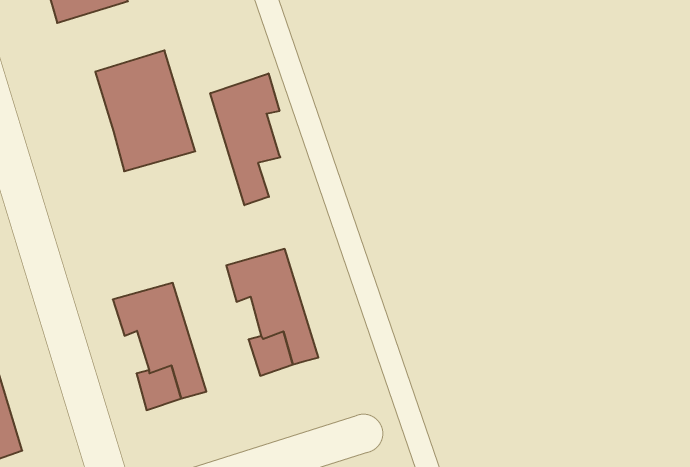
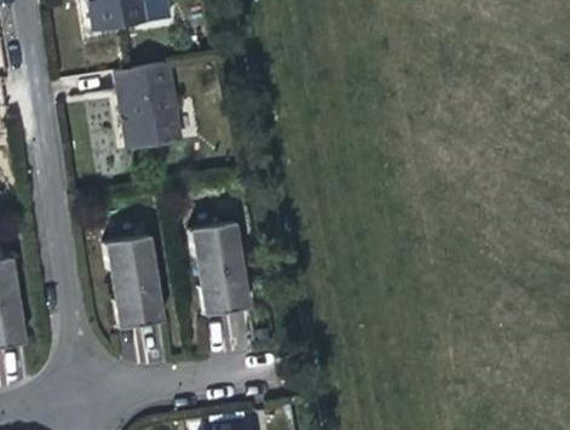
building: [210,73,280,205] -> none

